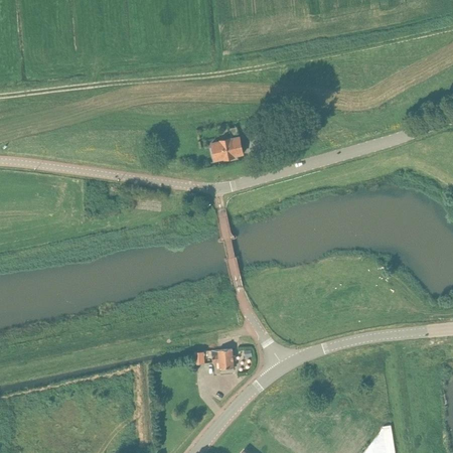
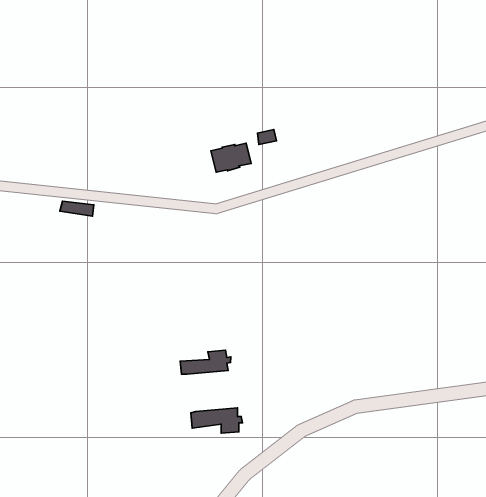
building: none -> [180,350,231,374]

